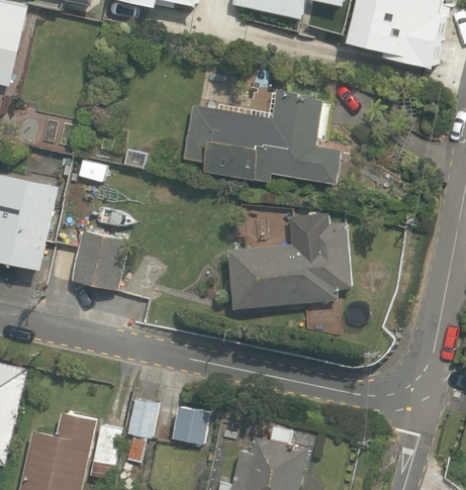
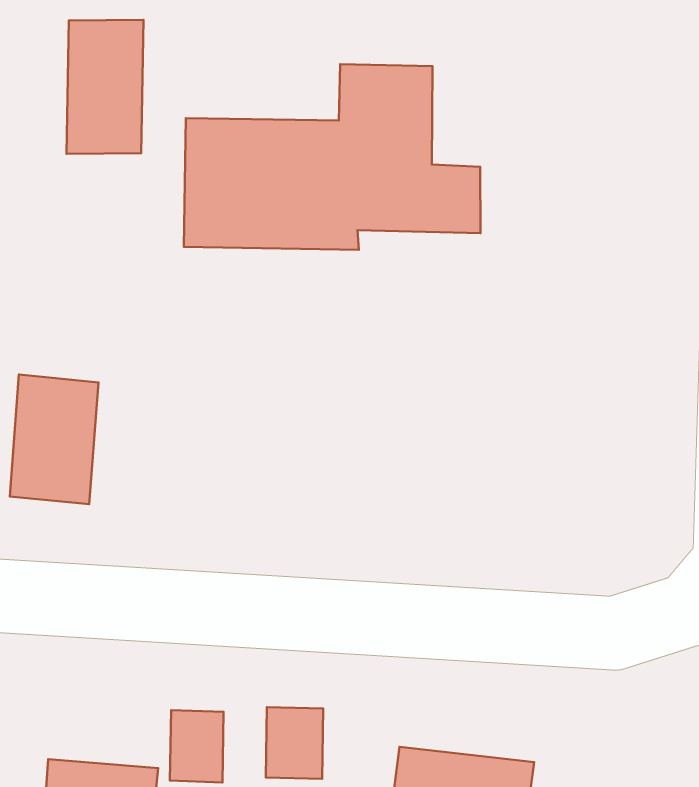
building: none -> [67,20,144,154]
building: [224,215,347,305] -> none

